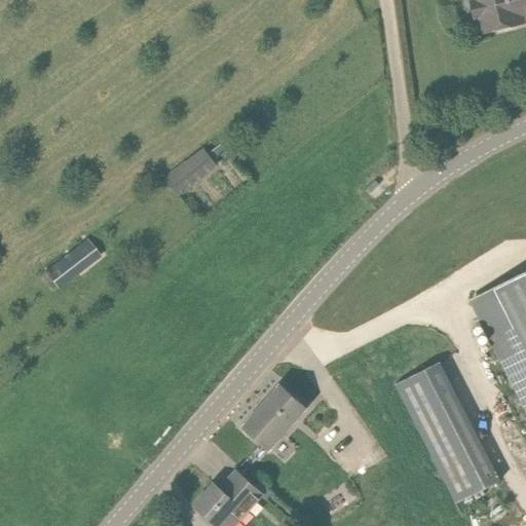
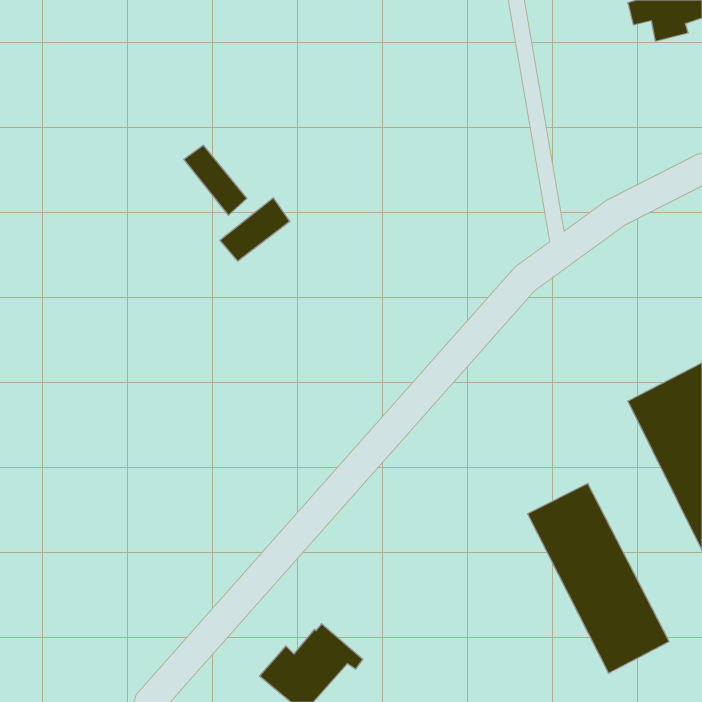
building: none -> [184,145,247,215]
building: [44,239,100,289] -> none
building: [242,384,307,450] -> none

